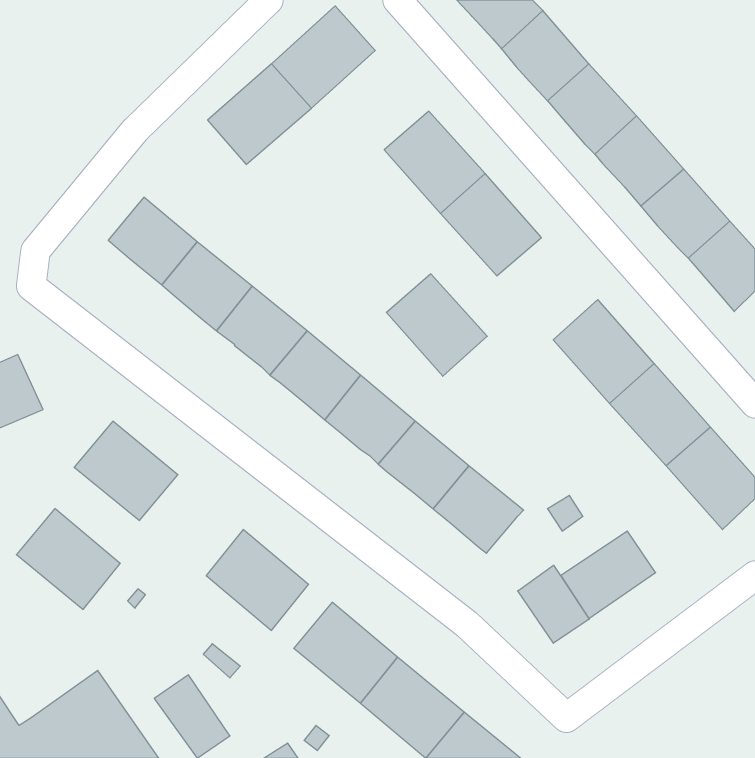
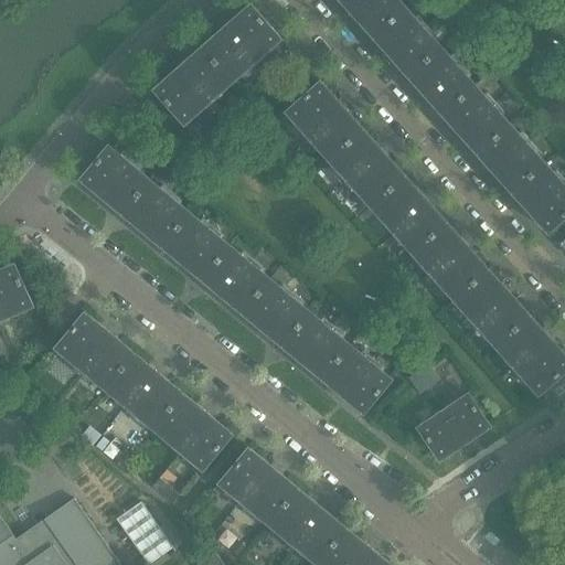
building: [386,274,487,376] -> [370,177,445,253]
building: [16,509,120,609] -> [104,353,181,428]
building: [518,565,589,643] -> none

